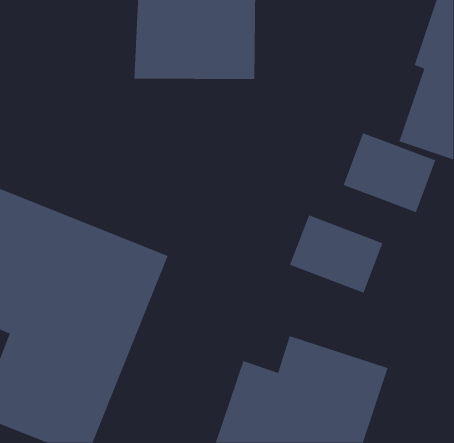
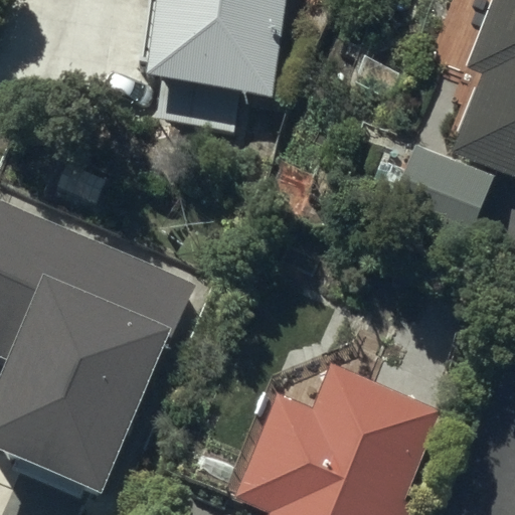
building: [289,215,383,293] -> none

